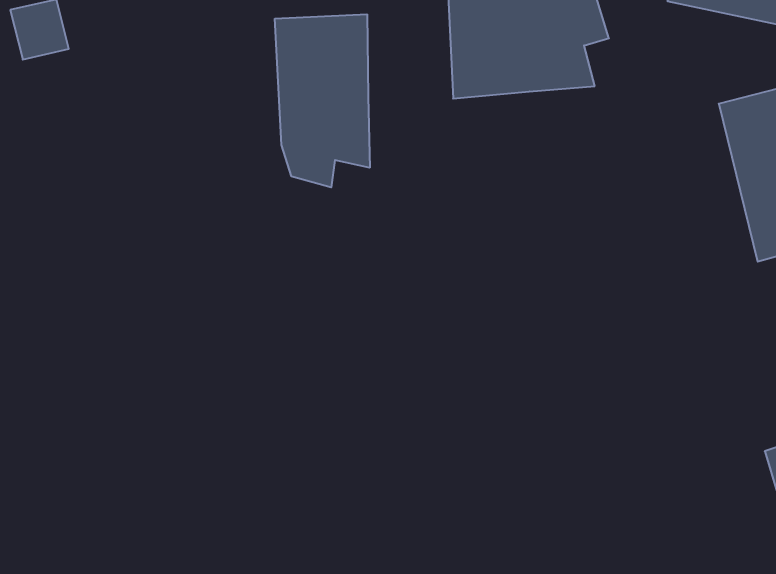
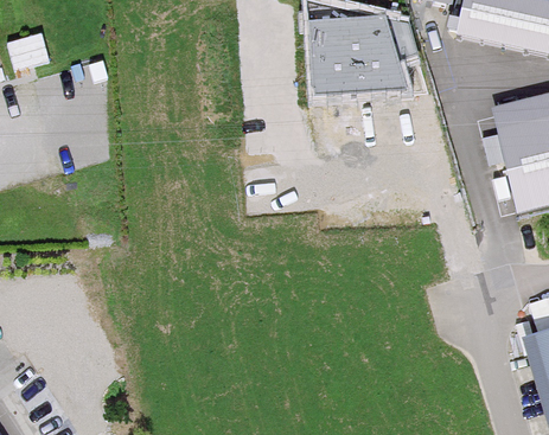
building: [275,14,370,187] -> none

